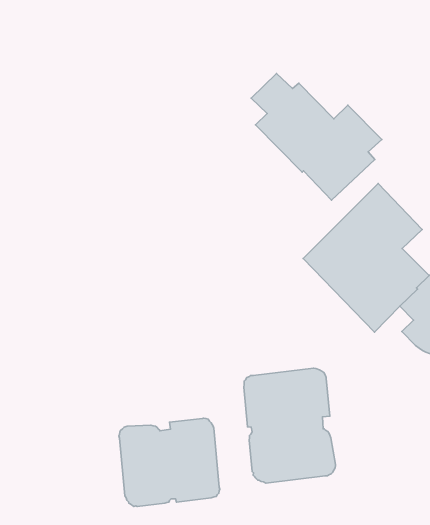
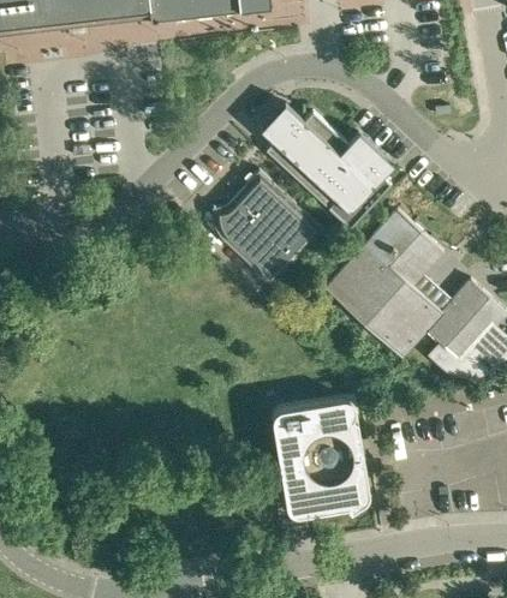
building: none -> [213,168,324,282]
building: [119,418,220,507] -> none

